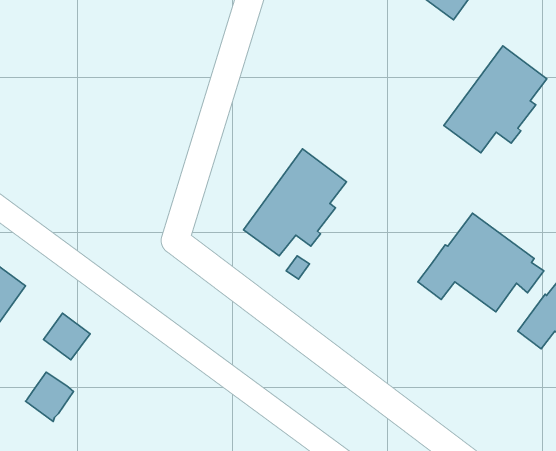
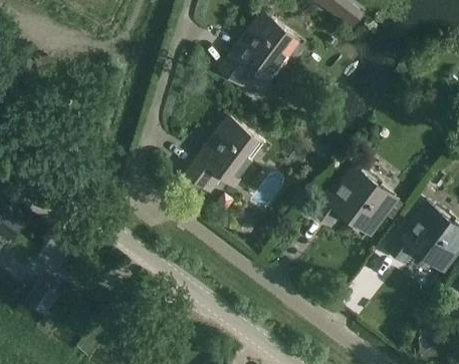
building: [444,46,547,153] -> [219,12,294,90]

